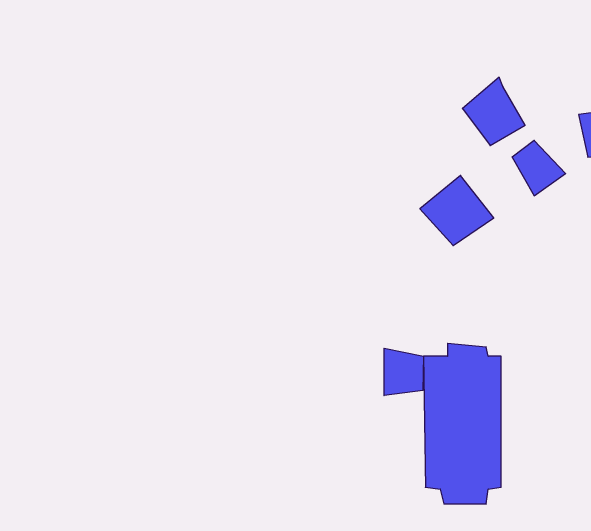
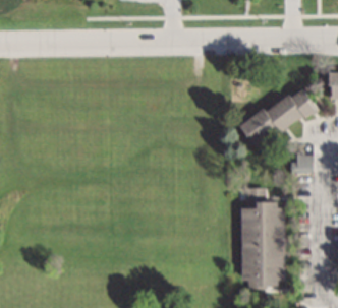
building: [462,77,525,146] -> [267,93,301,130]
building: [384,348,424,396] -> none

